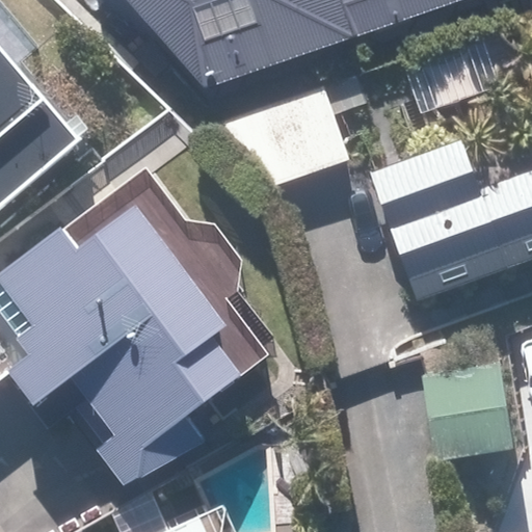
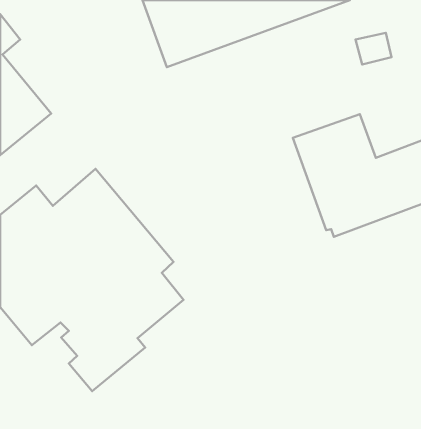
building: [236,88,351,193] -> none
building: [426,367,513,462] -> none

